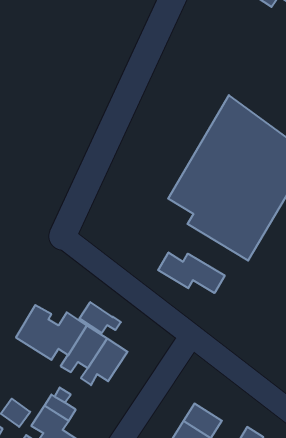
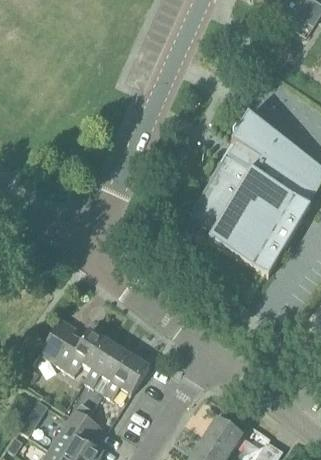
building: [158,252,225,293] -> none
building: [79,302,121,333] -> none

